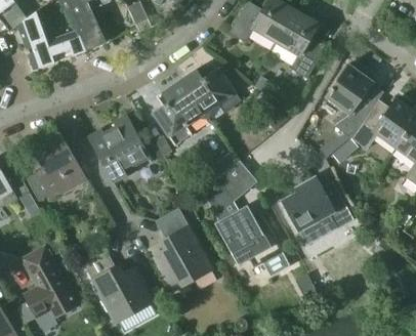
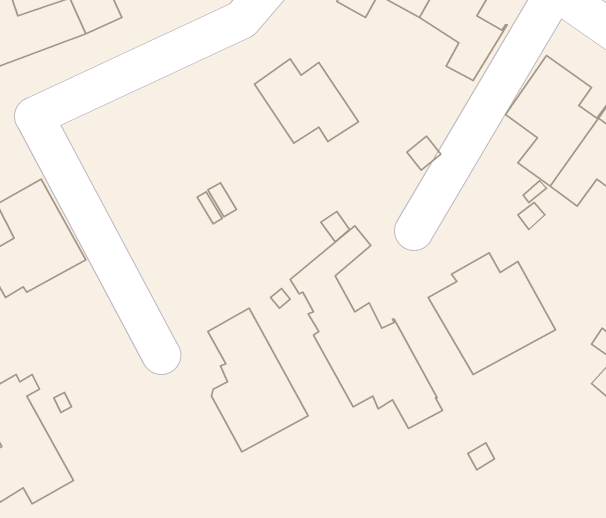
building: [152,80,204,145] -> none
building: [87,115,153,183] -> none
building: [82,249,153,323] -> none

